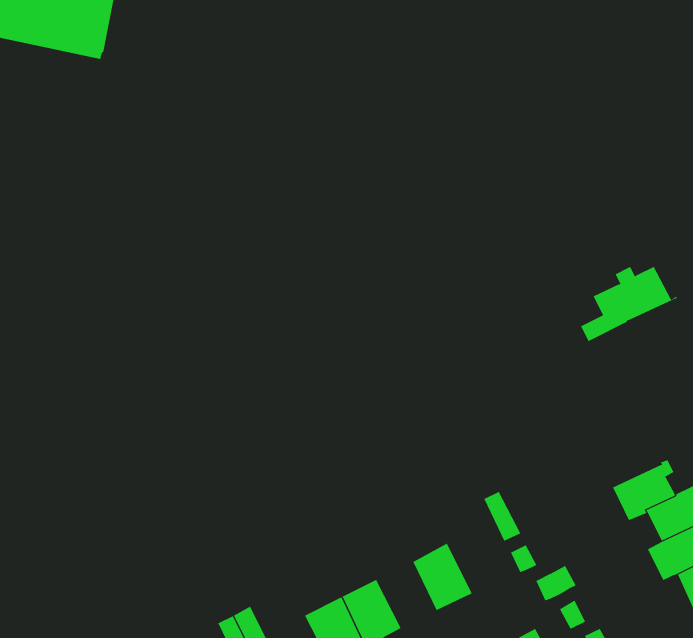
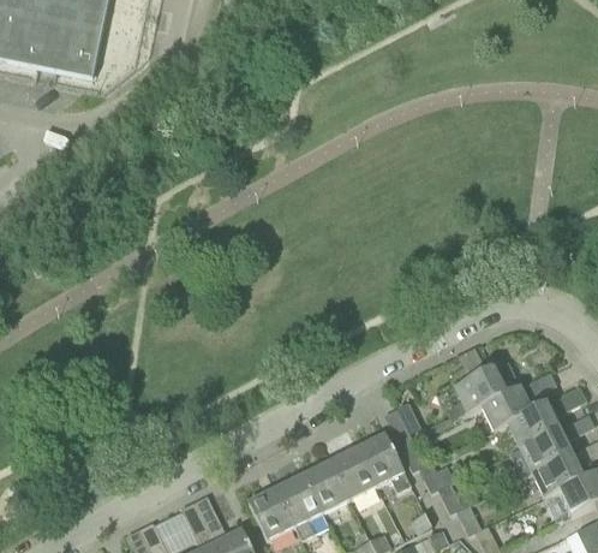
building: [580,266,678,342] -> [444,362,519,420]
building: none -> [355,433,409,490]
building: none -> [301,460,347,511]

